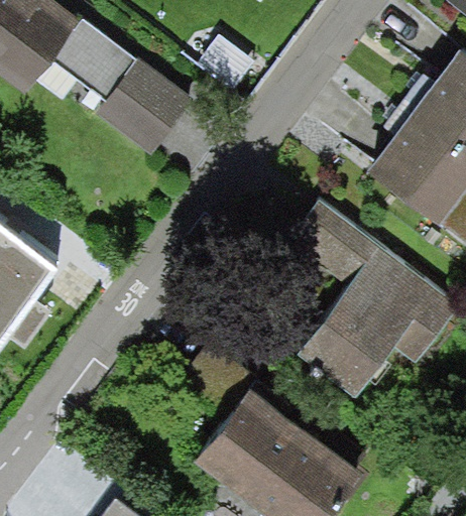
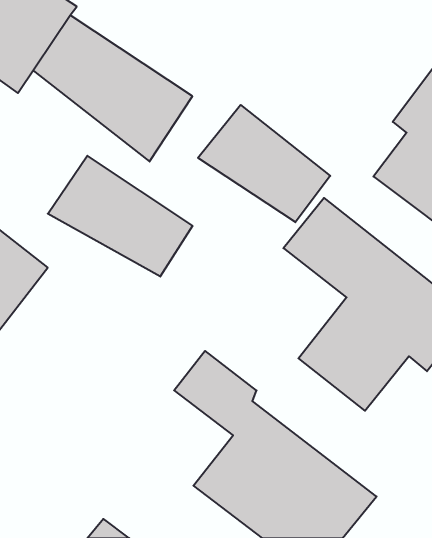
building: none -> [198,105,330,222]
building: none -> [48,156,192,277]

